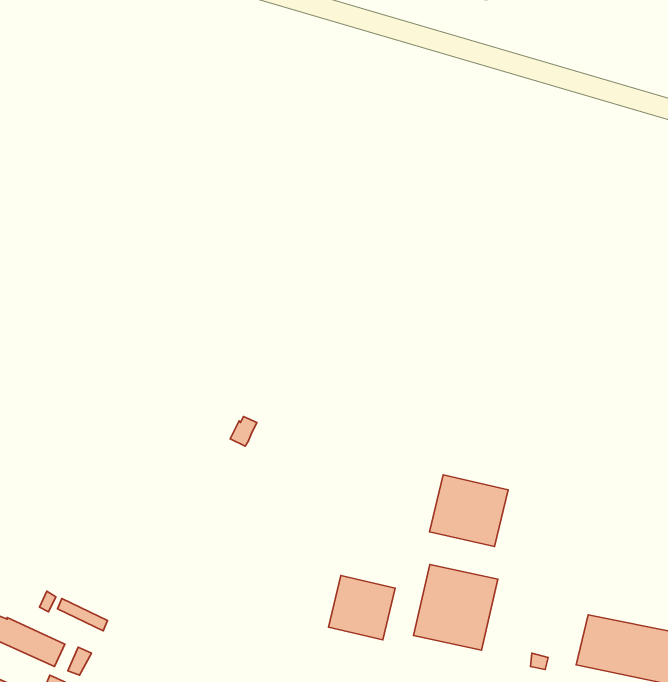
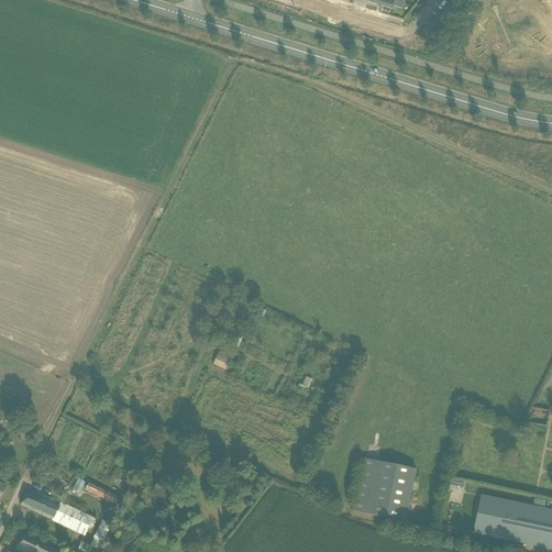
building: [429,475,508,547] -> none
building: [328,576,395,640] -> none

